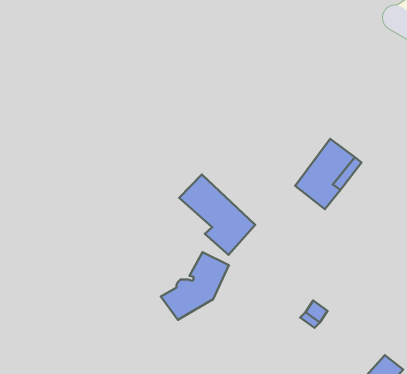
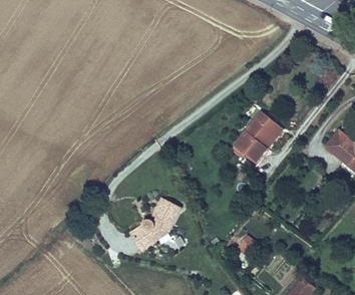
building: [179,174,255,255] -> none

